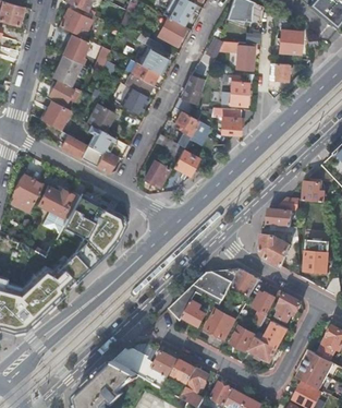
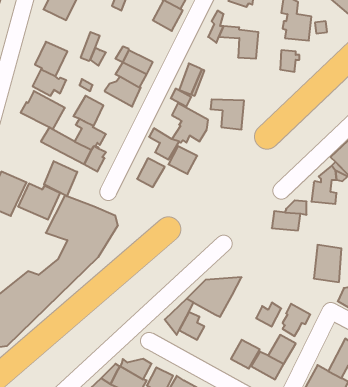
building: [139,35,169,75] -> none
building: [62,36,89,65] -> none
building: [221,75,249,107] -> none
building: none -> [44,161,77,196]
building: [260,235,291,267] -> none
building: [231,269,259,297] -> none
building: [205,309,236,340] -> none

